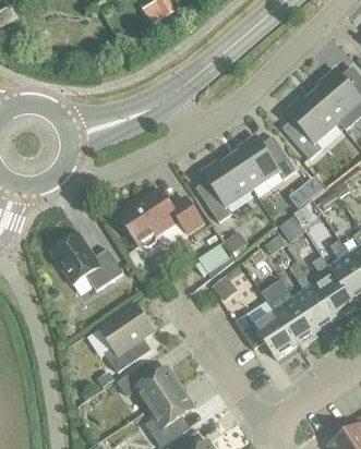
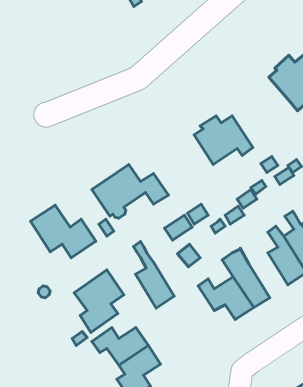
building: [281,92,338,158] -> none
building: [195,155,252,221] -> none
building: [289,260,334,333] -> [133,241,174,308]

